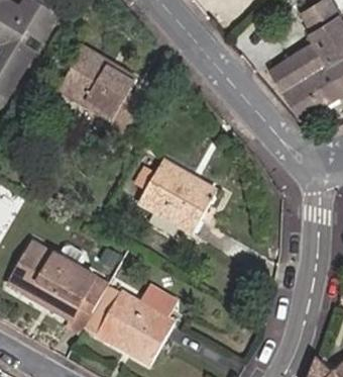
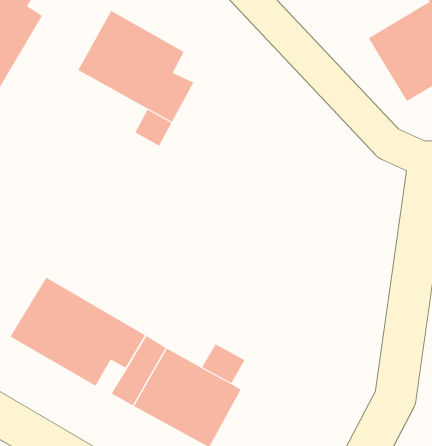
building: [137,160,219,235] -> none

